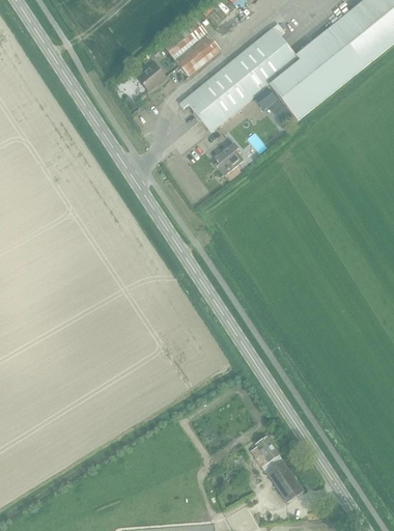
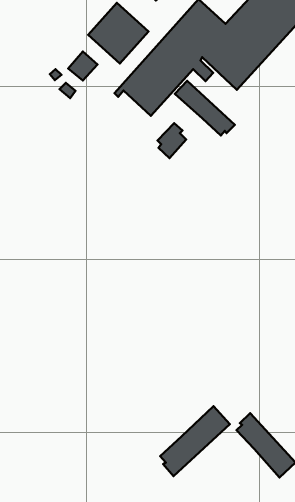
building: none -> [175,81,235,136]
building: none -> [160,406,230,476]

